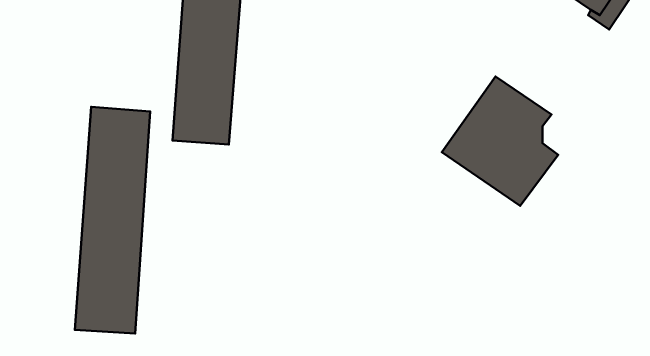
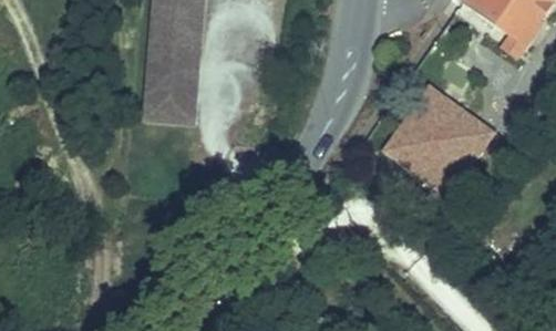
building: [75,107,150,333] -> none

